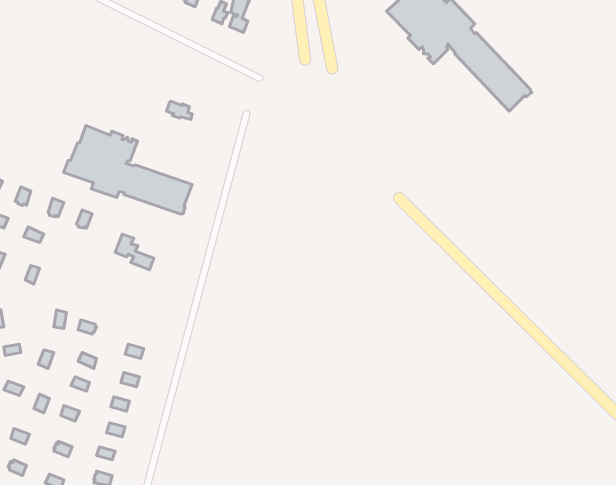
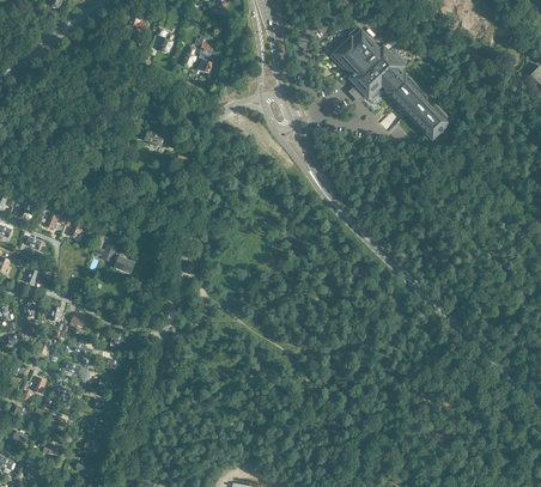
building: [64,126,192,214] -> none

